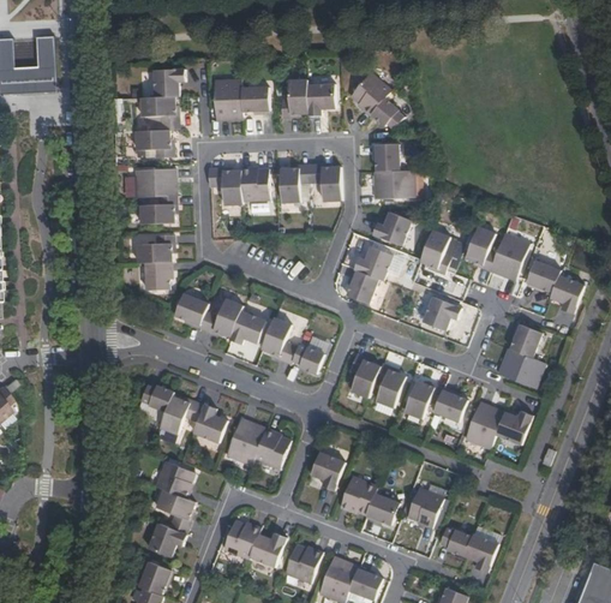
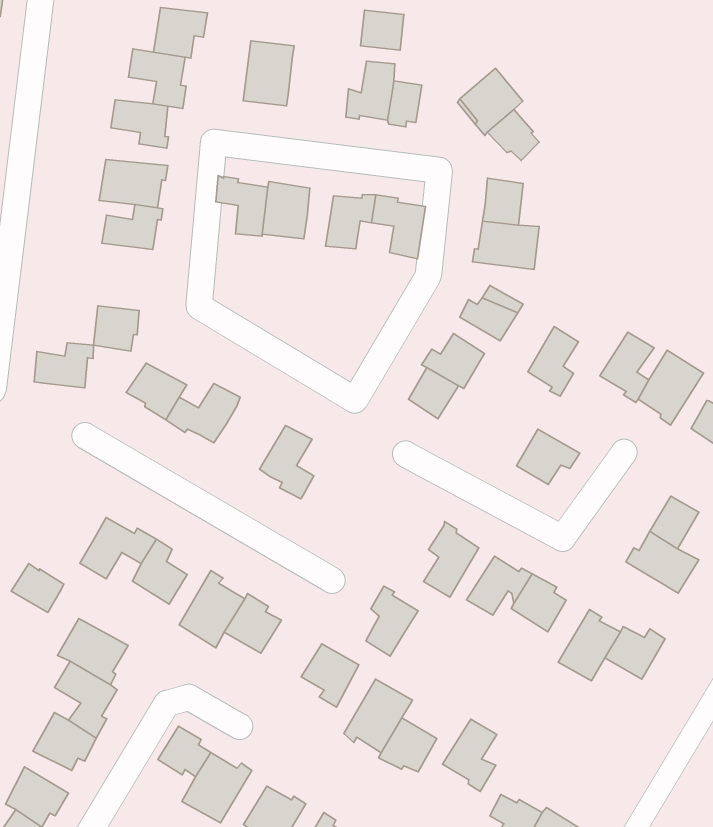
building: [240,86,266,111] -> [361,10,404,50]
building: [136,233,172,262] -> [34,343,93,388]
building: [228,311,265,344] -> none
building: [290,344,322,374] -> none
building: [352,353,382,396] -> [366,586,418,656]
building: [138,381,170,410] -> [11,563,64,612]

